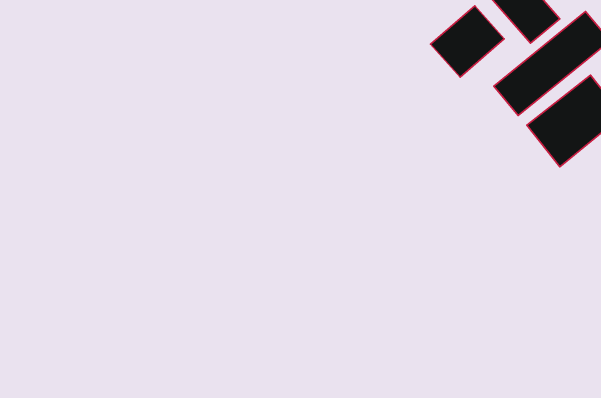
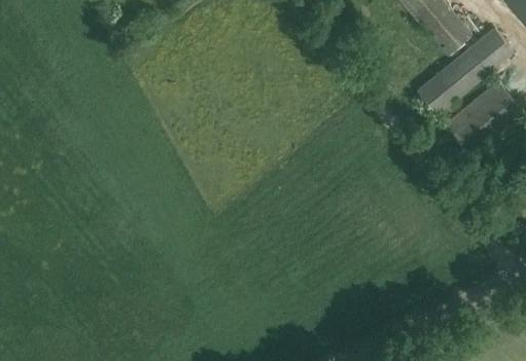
building: [431,6,504,77] -> none

